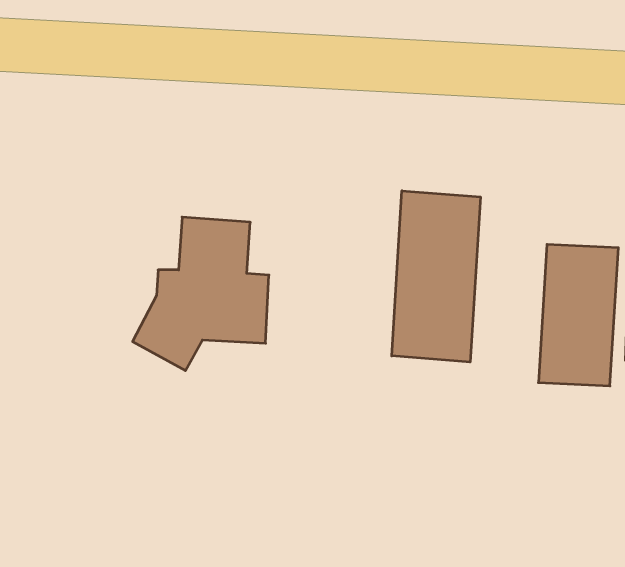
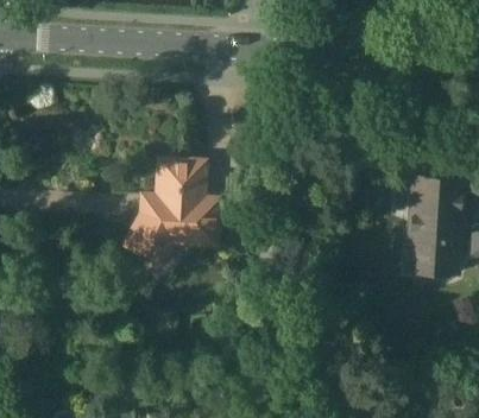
building: [392,191,480,362] -> none

